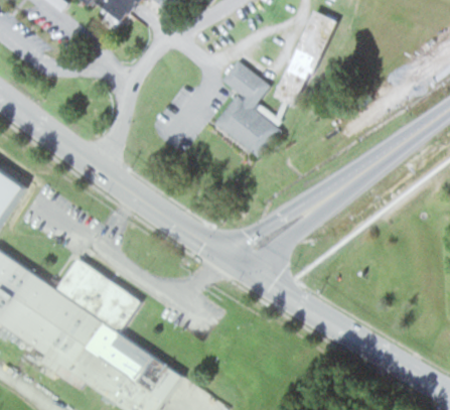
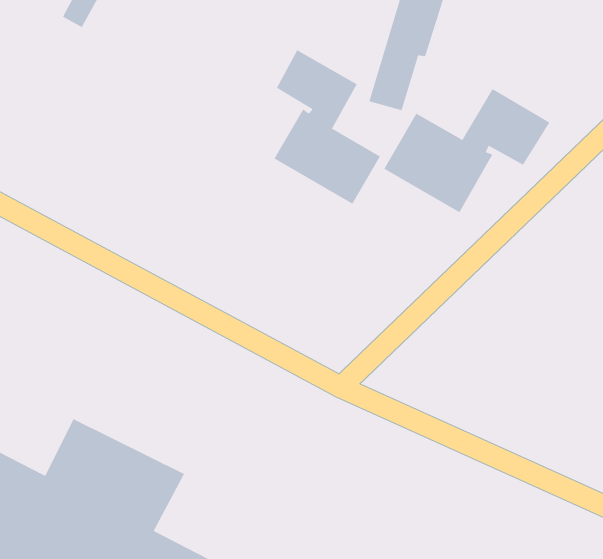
building: none -> [384,88,550,213]

